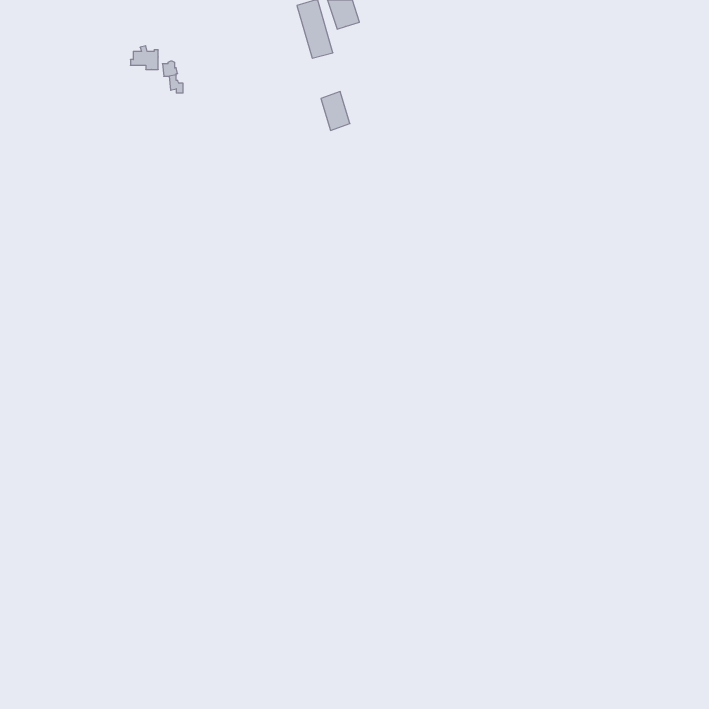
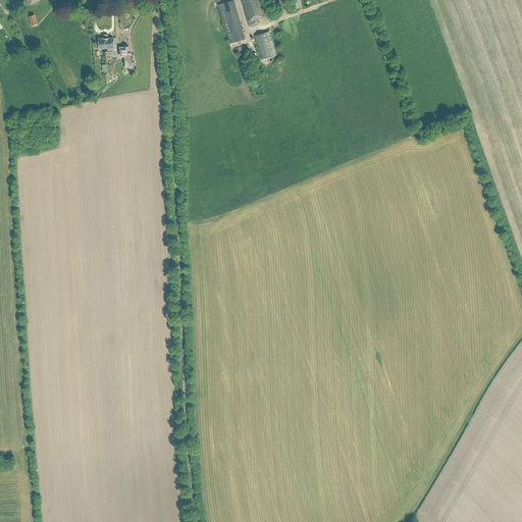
building: [321,92,350,130] -> [254,31,275,59]

